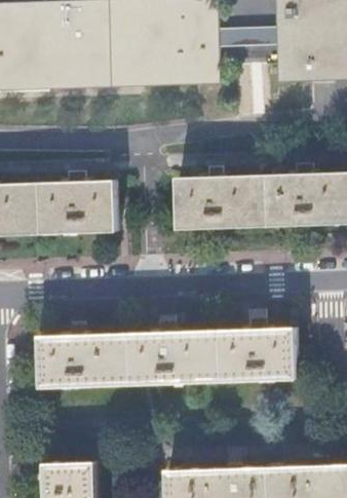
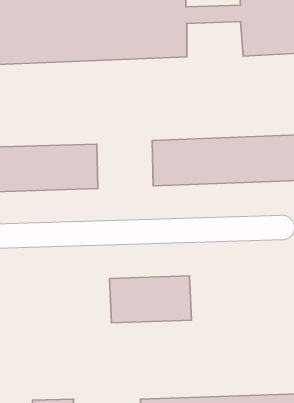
building: [222,329,300,381] -> none
building: [41,334,133,387] -> none

